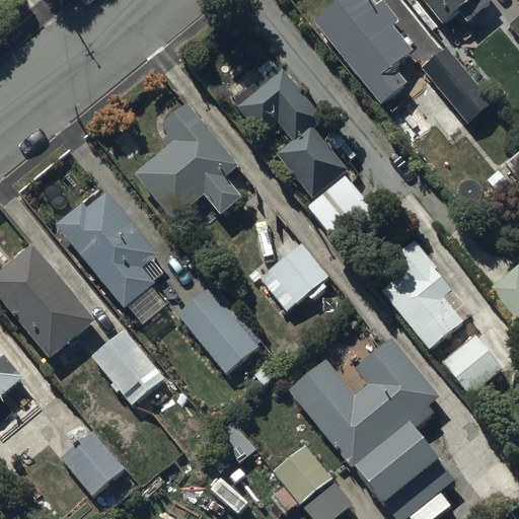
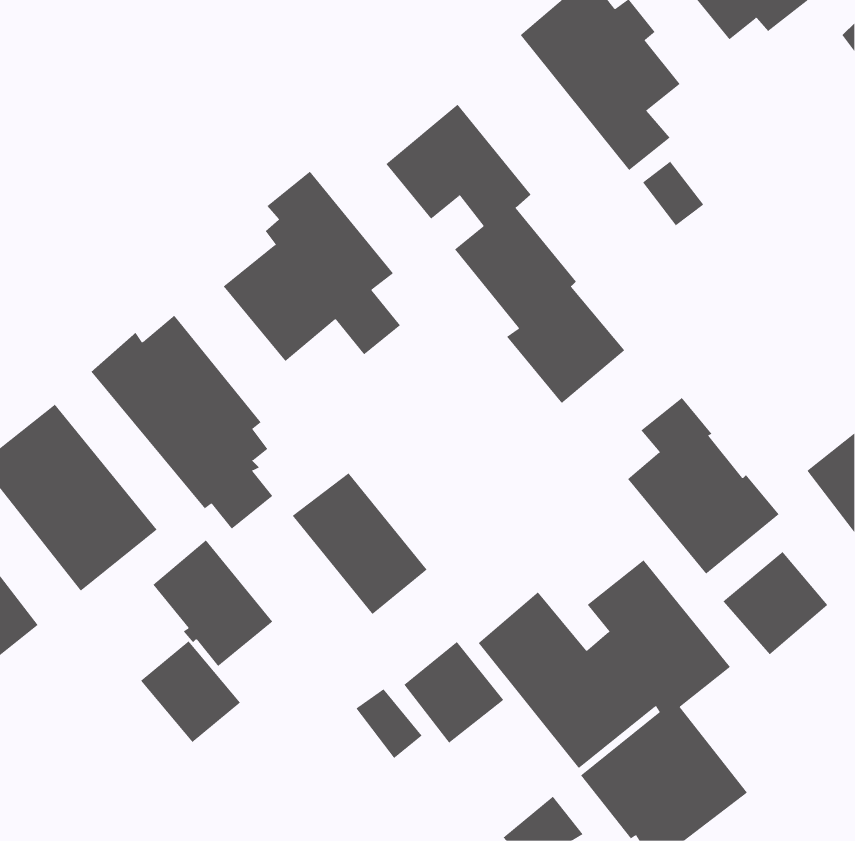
building: [421,44,492,122] -> none
building: [262,230,327,301] -> none
building: [61,431,122,493] -> [140,641,241,743]
building: [272,442,332,504] -> [404,641,504,743]

